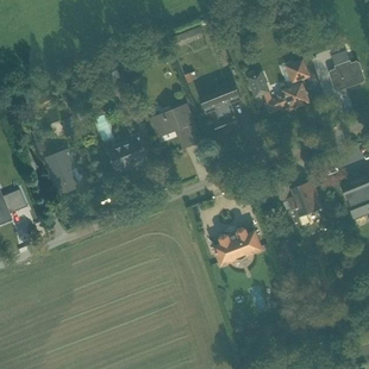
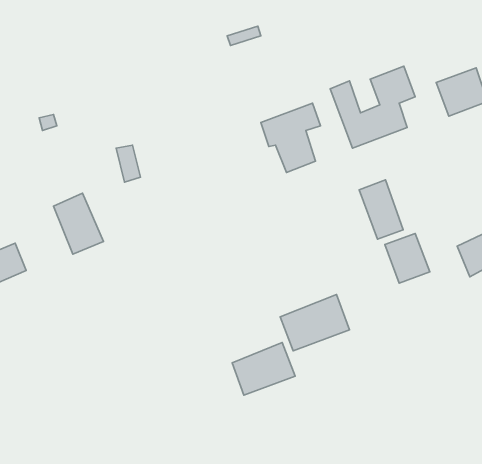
building: [149,105,193,138] -> none
building: [108,138,150,173] -> none
building: none -> [359,180,403,239]
building: none -> [232,343,295,395]

